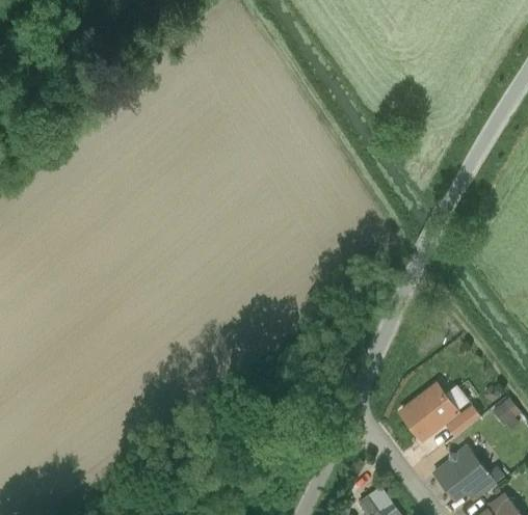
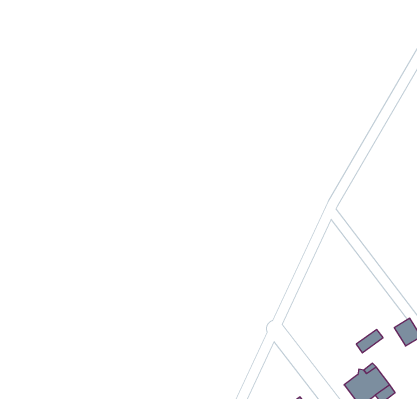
building: [400,387,453,438] -> none

